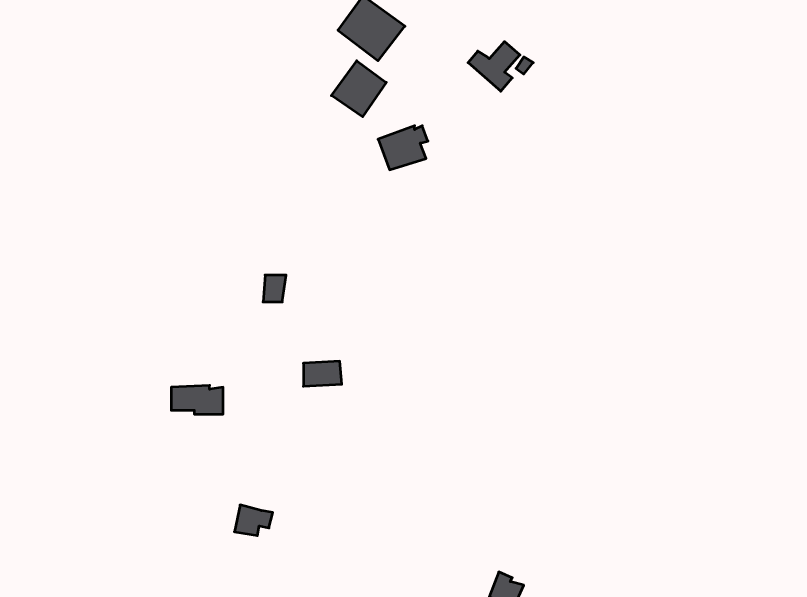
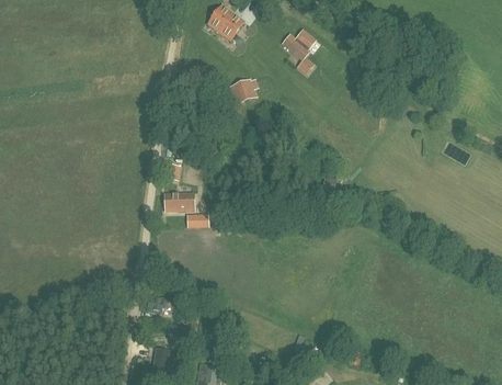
building: [331,61,386,117] -> none
building: [171,385,223,414] -> [164,193,194,210]

